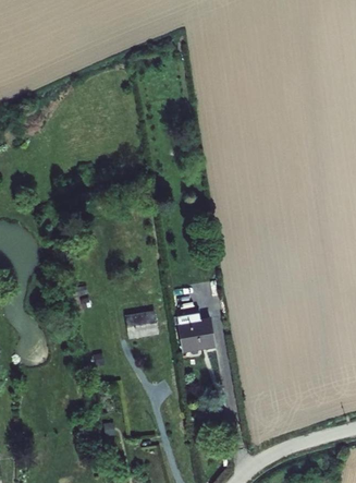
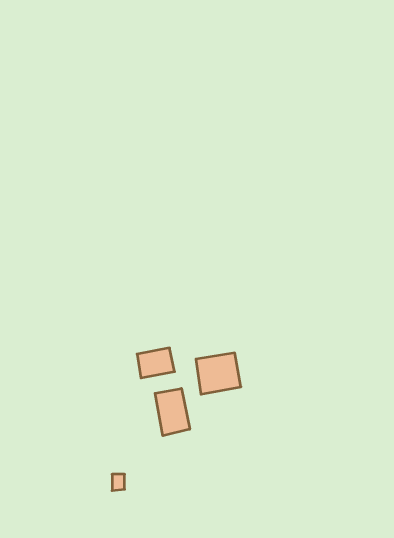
building: none -> [155,388,190,436]

